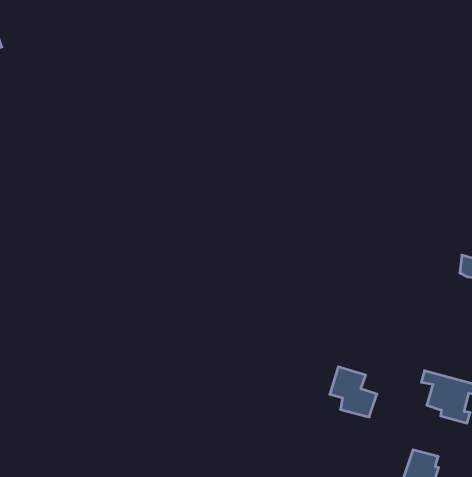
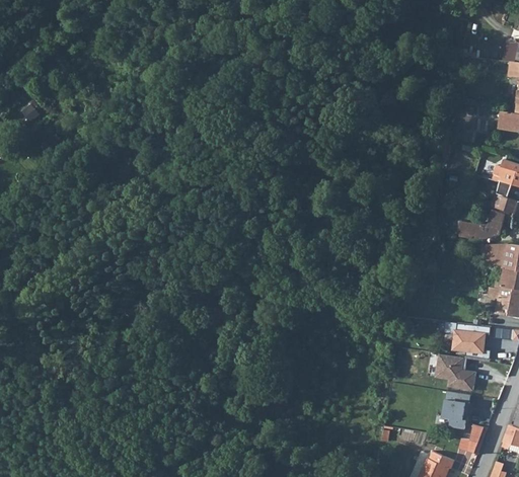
building: [330,367,377,417] -> [437,355,476,393]

